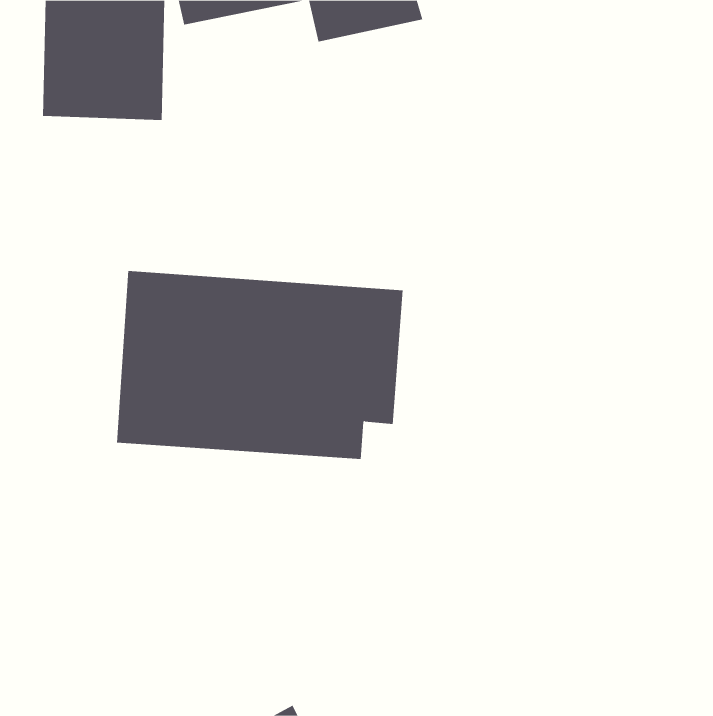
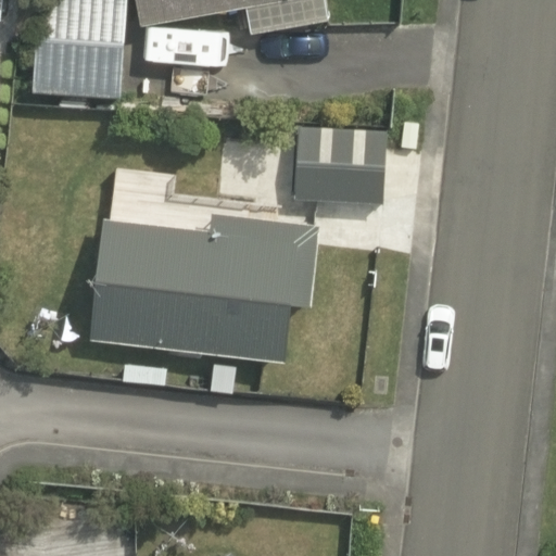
building: none -> [301,117,384,205]

